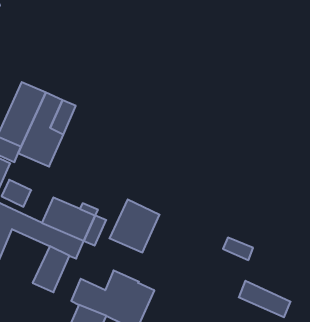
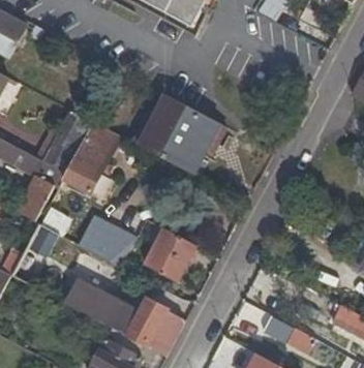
building: none -> [132,94,225,177]

